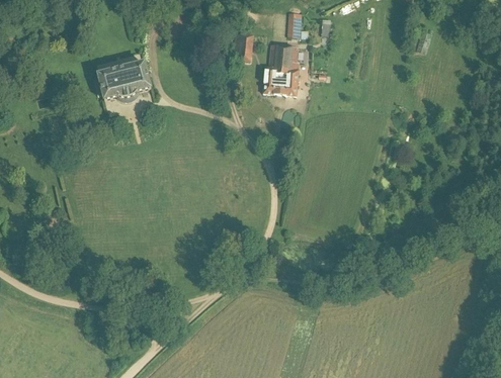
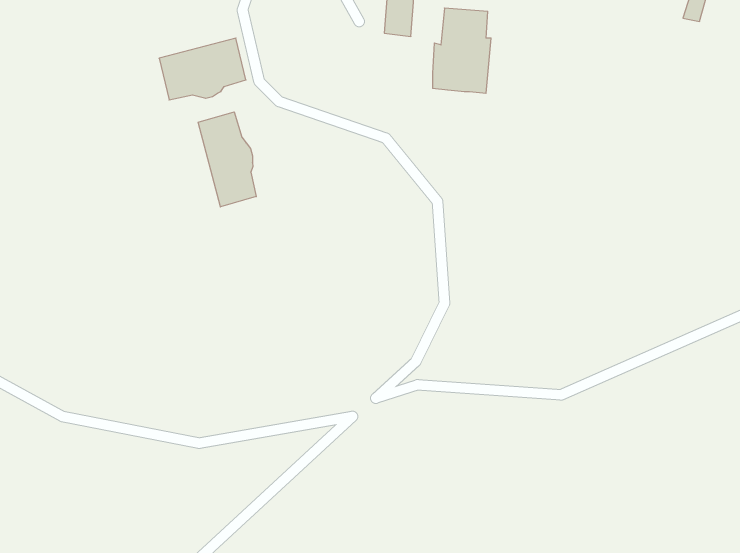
building: none -> [198,112,256,207]

